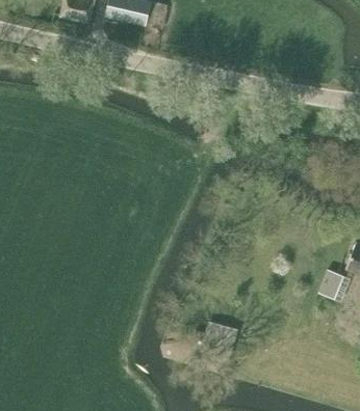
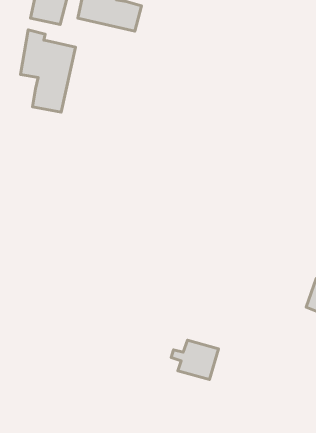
building: none -> [21,30,76,112]

